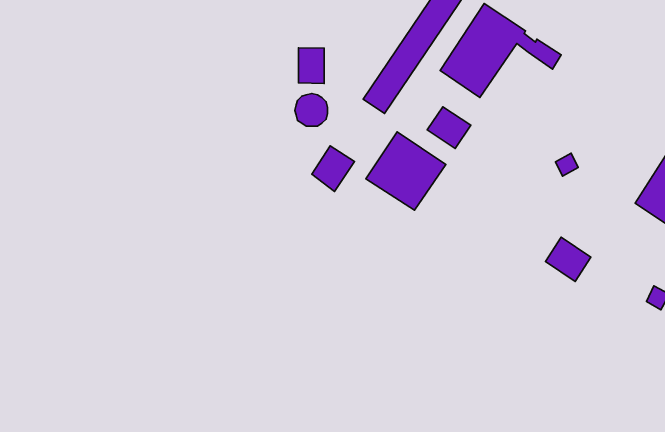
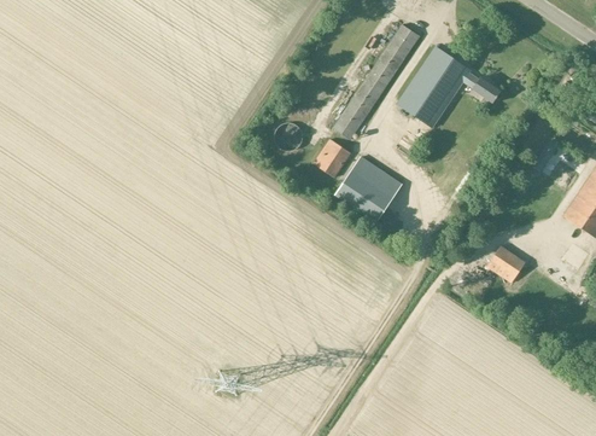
building: [298,48,324,83] -> none
building: [427,107,471,148] -> none
building: [312,146,354,191] -> [314,138,350,176]

